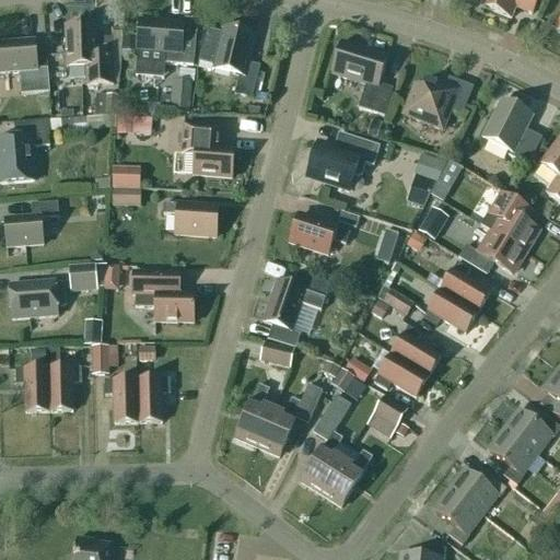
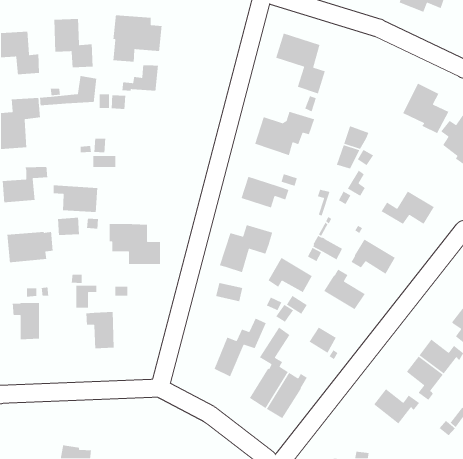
building: [200,25,260,95] -> none
building: [405,73,474,127] -> none
building: [183,121,235,175] -> none
building: [481,190,538,249] -> none
building: [164,200,219,234] -> [53,185,98,213]
building: [440,259,491,311] -> none
building: [374,351,429,395] -> [268,257,313,293]
building: [49,364,82,409] -> none
building: [138,375,171,420] -> none
building: [236,382,275,445] -> none
building: [435,488,481,544] -> none

